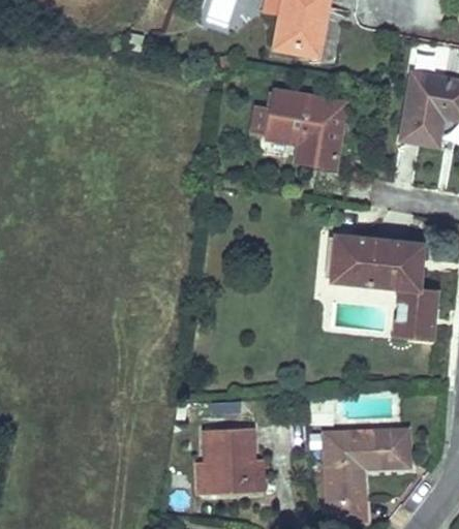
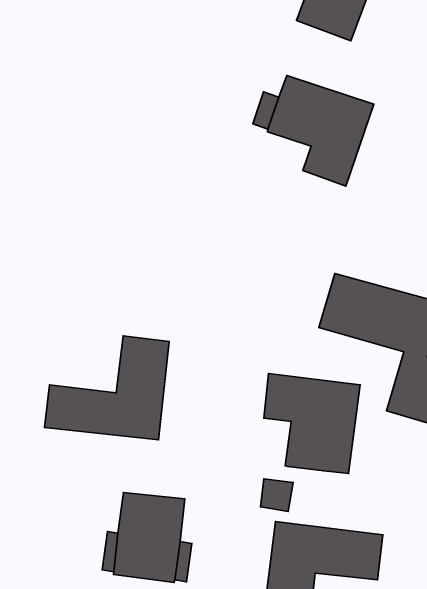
building: none -> [45,336,169,440]
building: none -> [264,373,360,474]

